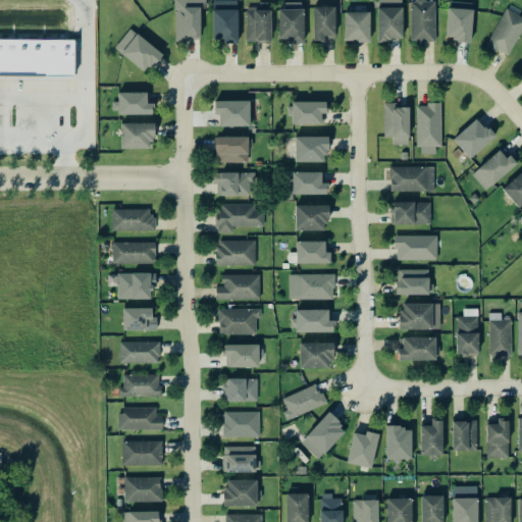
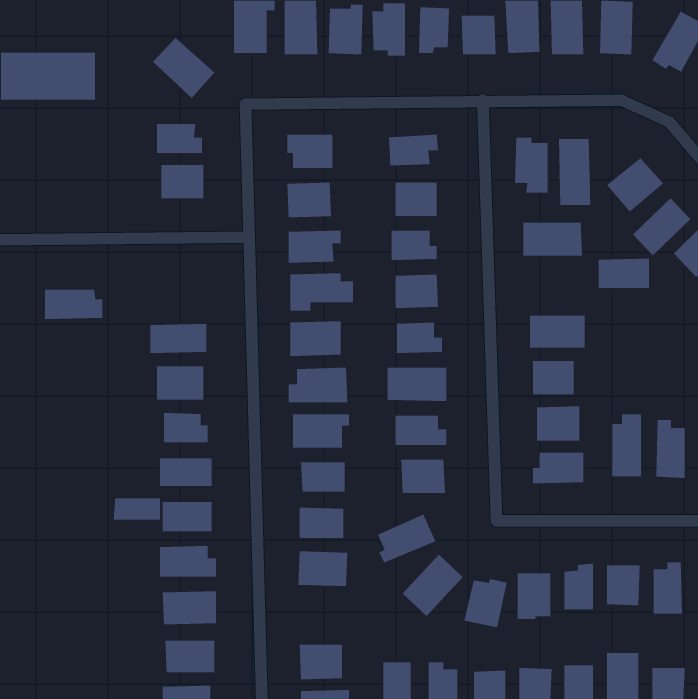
building: [393,202,431,224] -> [598,258,650,288]
building: [112,209,156,231] -> [44,289,103,319]
building: none -> [113,497,161,521]
building: [223,446,256,472] -> none

